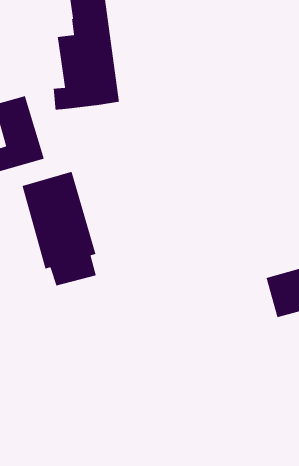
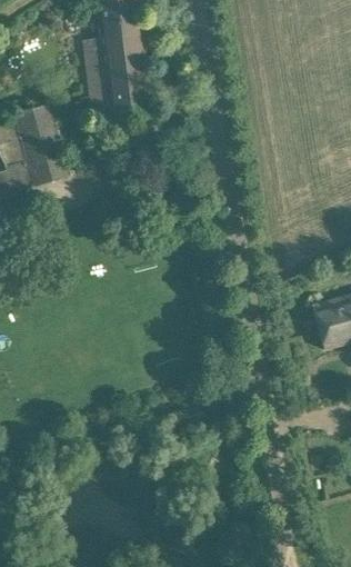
building: [22,171,97,287] -> none

